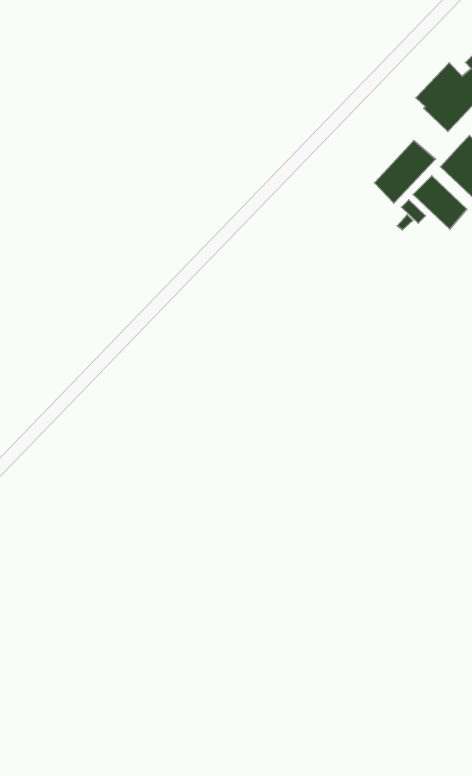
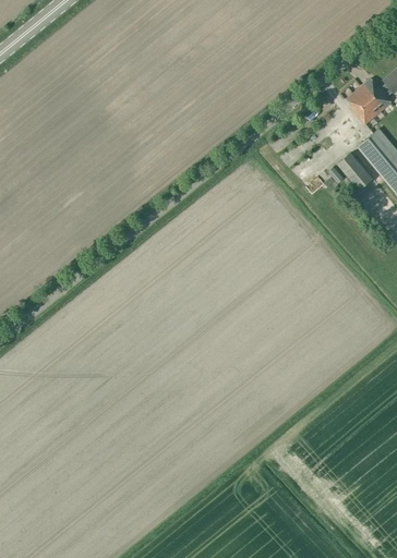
building: [374,141,435,203] -> none

